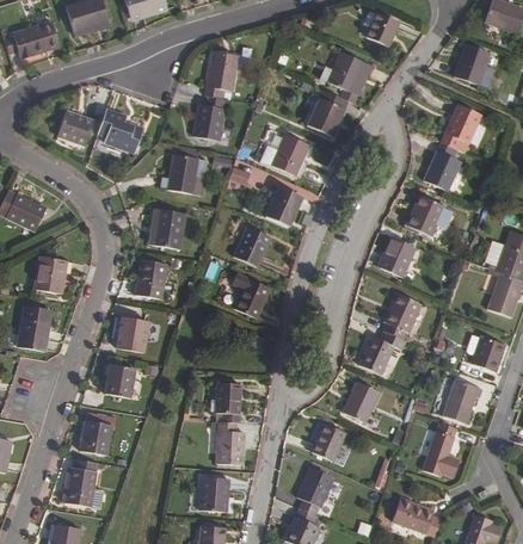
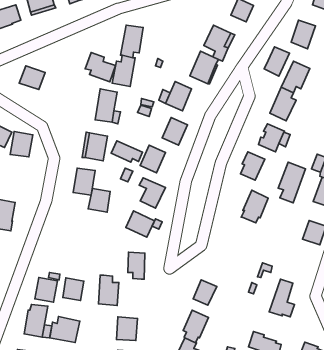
building: none -> [264,47,289,76]
building: [98,109,142,152] -> [85,52,116,82]
building: none -> [111,141,142,162]
building: none -> [278,162,306,203]
building: [33,255,67,292] -> [10,132,33,157]
building: [116,316,148,351] -> [88,188,110,212]
building: none -> [126,211,155,237]
building: [358,330,405,373] -> none
building: [104,364,135,397] -> [63,278,84,301]
building: [442,378,482,422] -> none
building: [342,379,380,421] -> none
building: [215,420,245,464] -> [99,275,119,306]
building: none -> [50,316,80,342]

